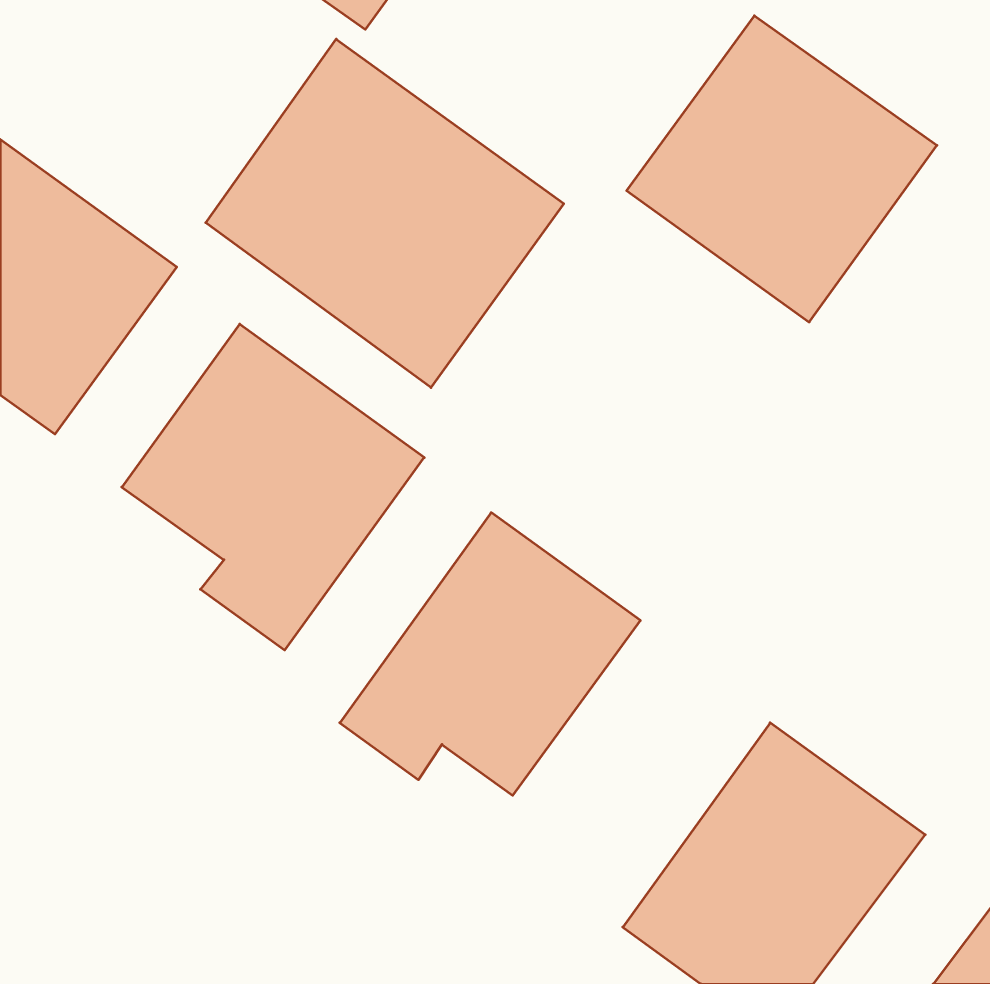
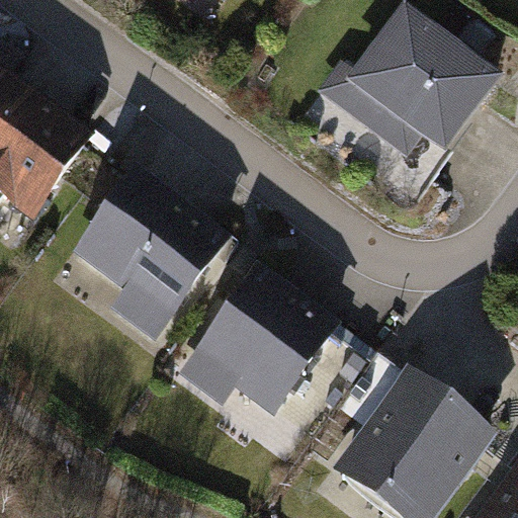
building: [206,39,564,388] -> none

